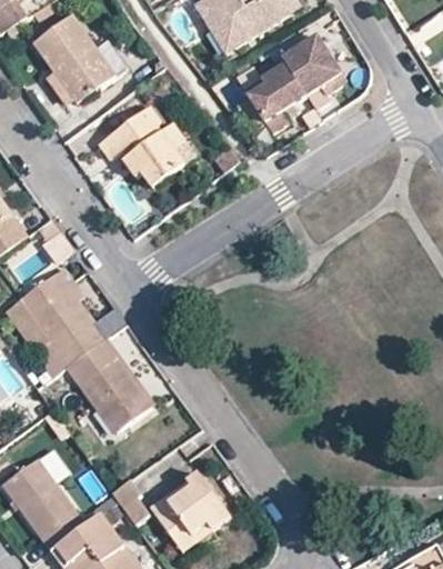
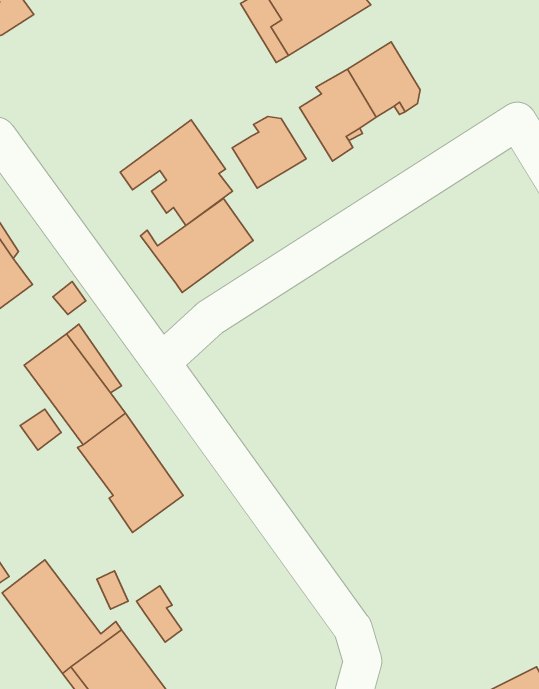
building: [32,14,124,102] -> none
building: none -> [232,116,306,188]
building: none -> [140,198,253,293]
building: [151,471,230,550] -> none

